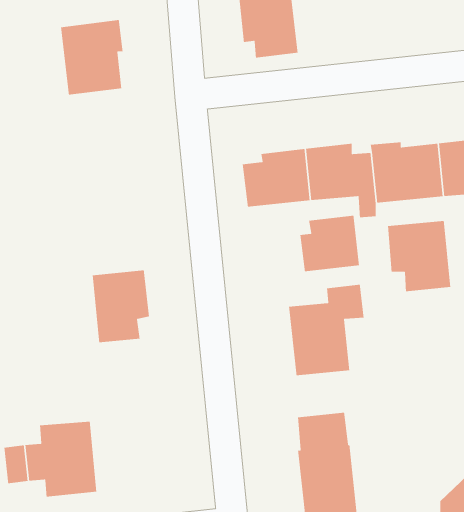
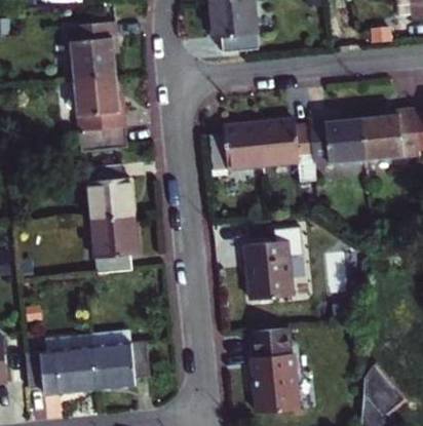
building: none -> [74,76,128,154]
building: none -> [86,163,133,221]
building: [299,215,360,272] -> none
building: [387,220,451,292] -> none
building: none -> [91,331,148,390]

